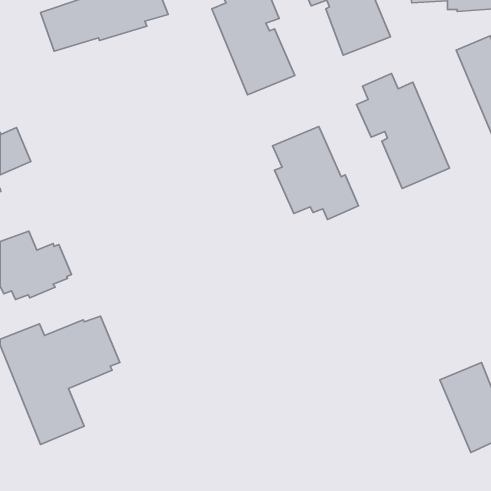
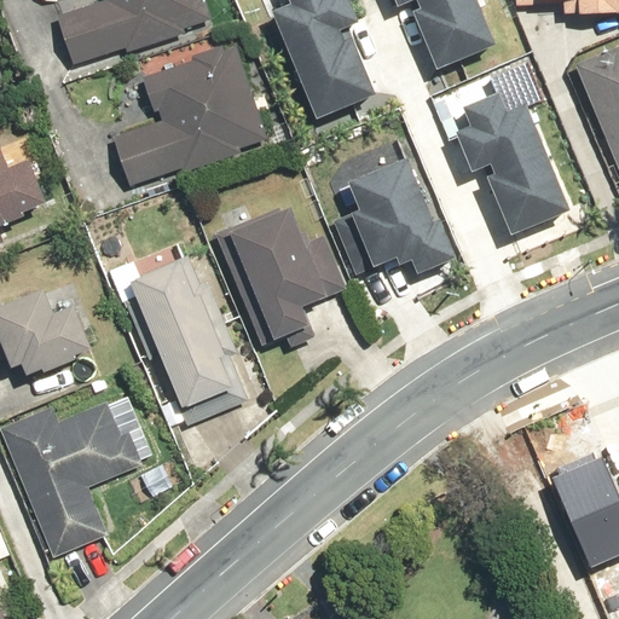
building: none -> [110,44,268,186]
building: none -> [224,206,345,345]
building: none -> [111,255,249,423]

